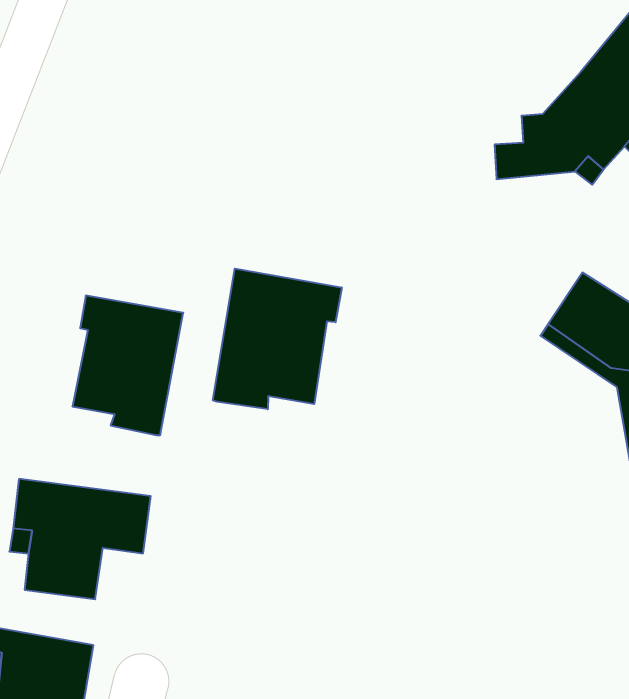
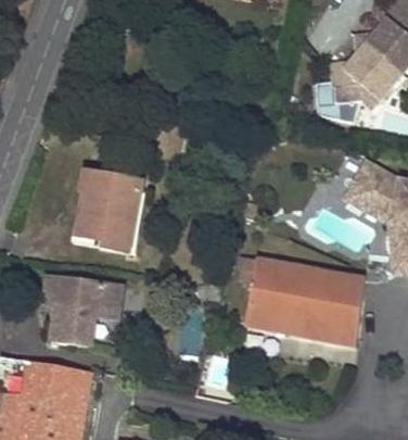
building: [213,269,342,409] -> none
building: none -> [240,256,364,344]

